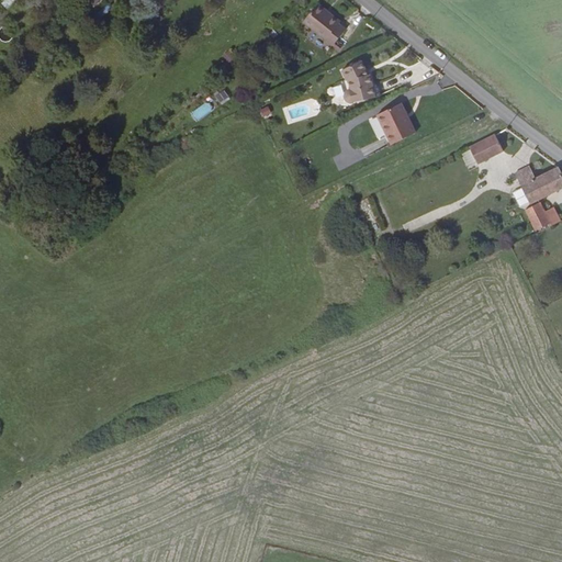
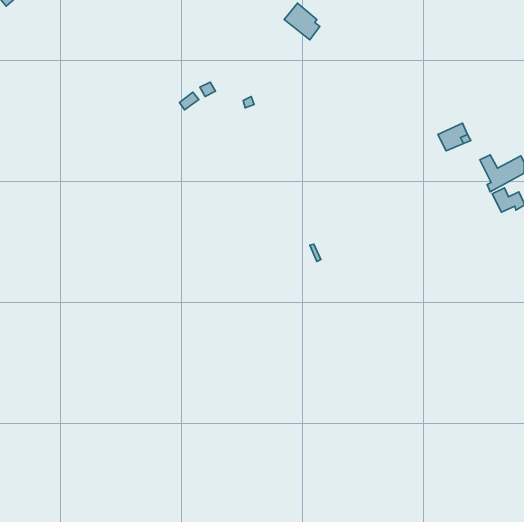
building: [342,61,379,103] -> none
building: [378,102,416,142] -> none

